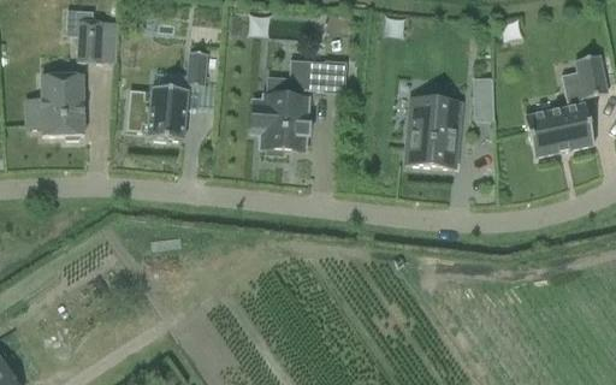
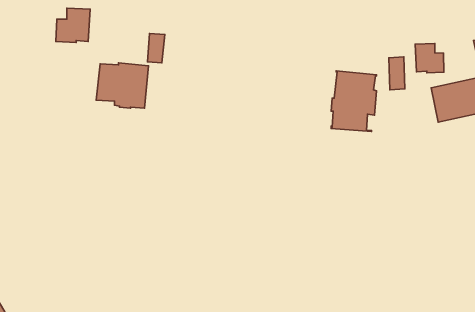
building: [251,58,328,153] -> none
building: none -> [415,43,444,73]
building: [28,73,84,138] -> none

